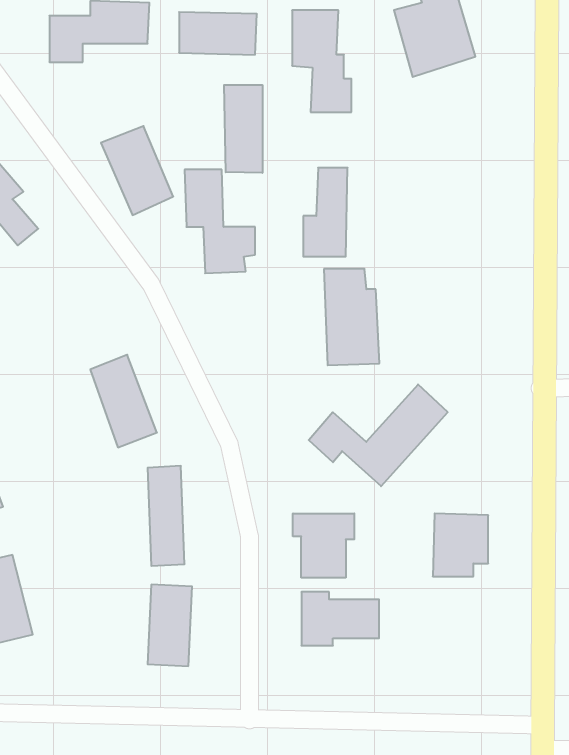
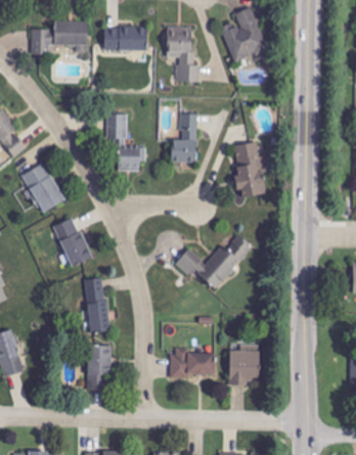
building: [224,85,262,173] -> none
building: [101,126,173,215] -> [23,164,62,213]
building: [324,269,379,365] -> [234,144,265,197]
building: [293,513,354,578] -> none
building: [433,513,488,576] -> [228,349,259,383]

